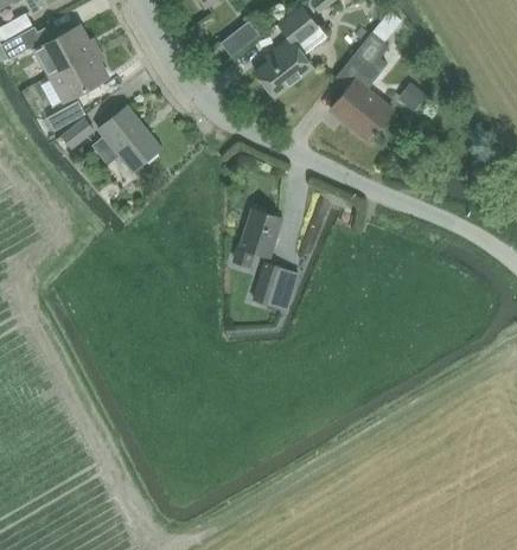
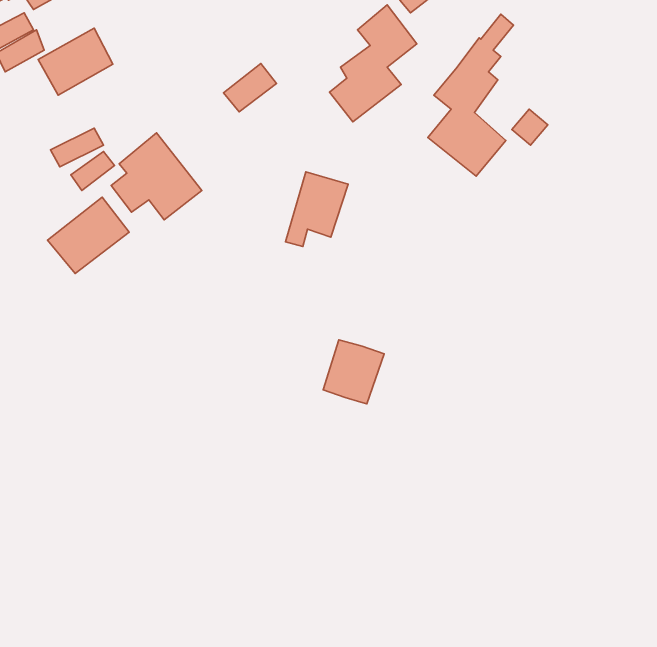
building: [218,23,258,59] -> [223,63,276,112]
building: [51,52,106,100] -> none
building: none -> [48,197,129,274]
building: [235,209,282,266] -> [286,172,348,246]

